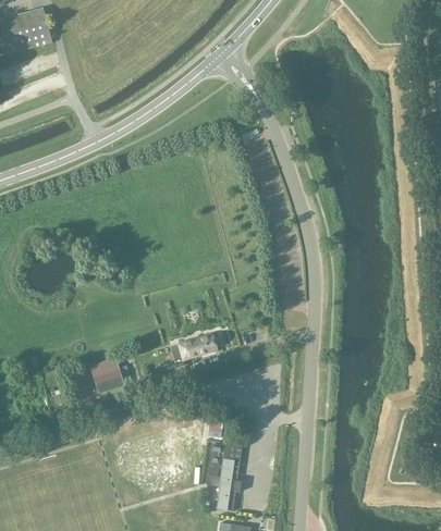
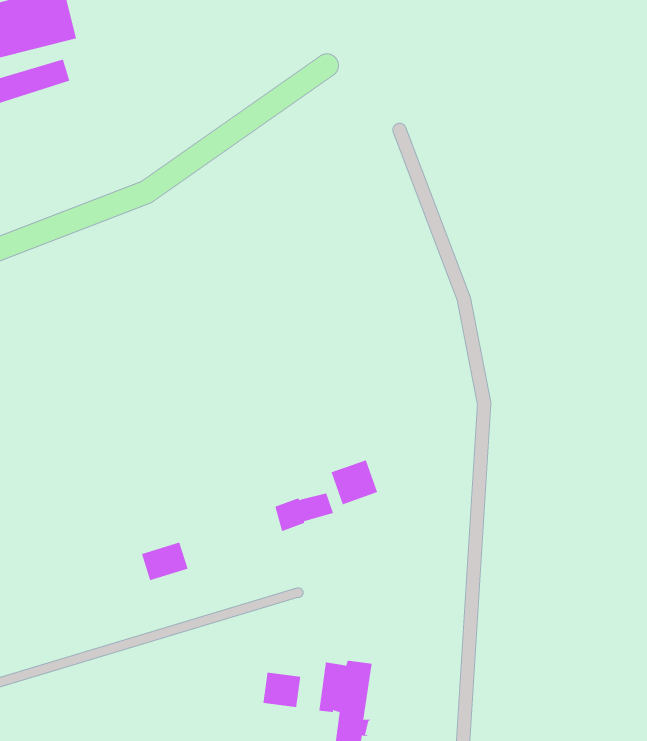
building: none -> [331,459,378,505]
building: none -> [263,672,301,708]

